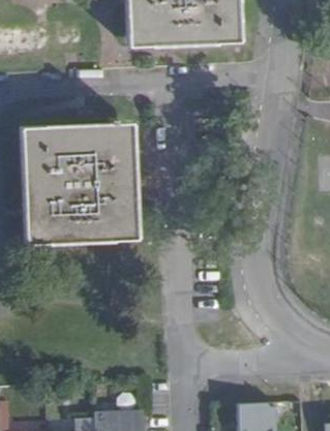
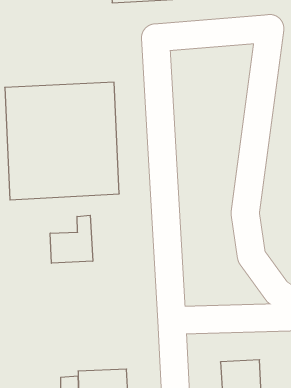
building: none -> [50,215,93,263]

